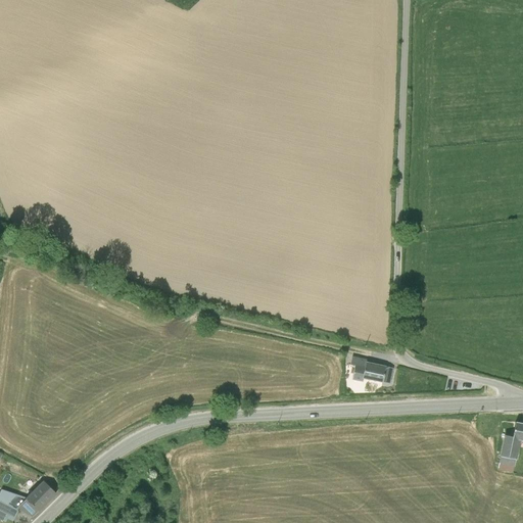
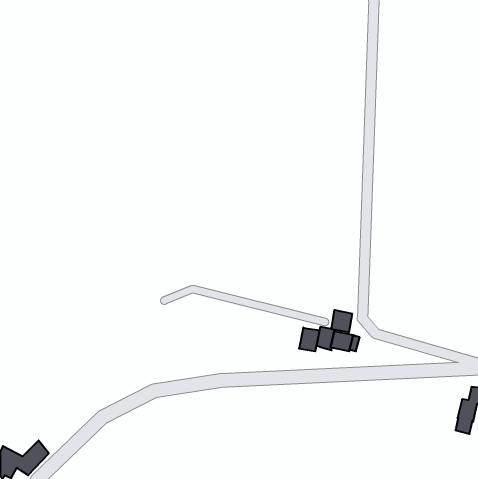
building: none -> [331,310,352,333]
building: none -> [299,327,320,351]

